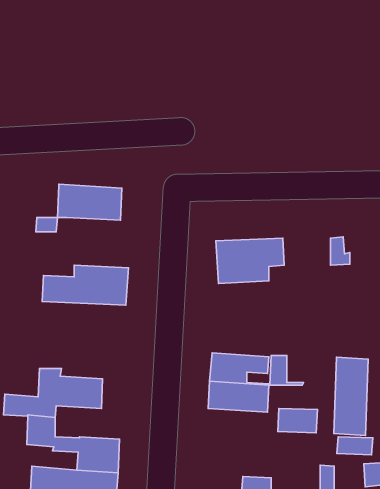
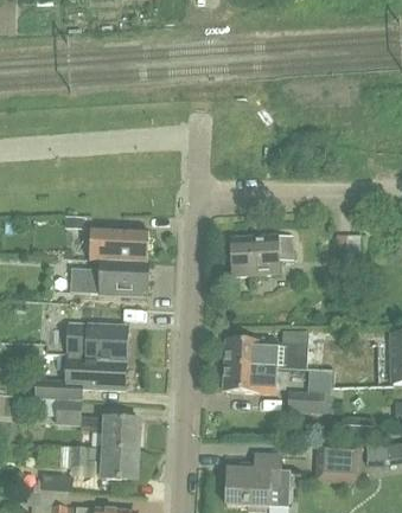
building: [58,184,122,220] -> [90,227,149,261]
building: none -> [66,322,127,363]
building: [334,357,368,435] -> none

